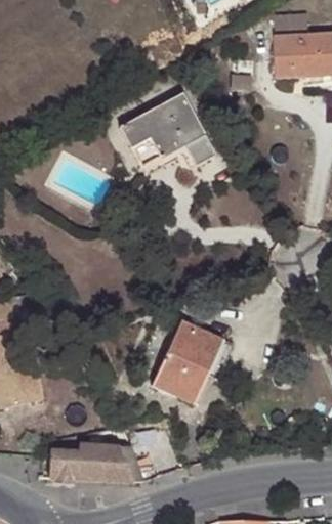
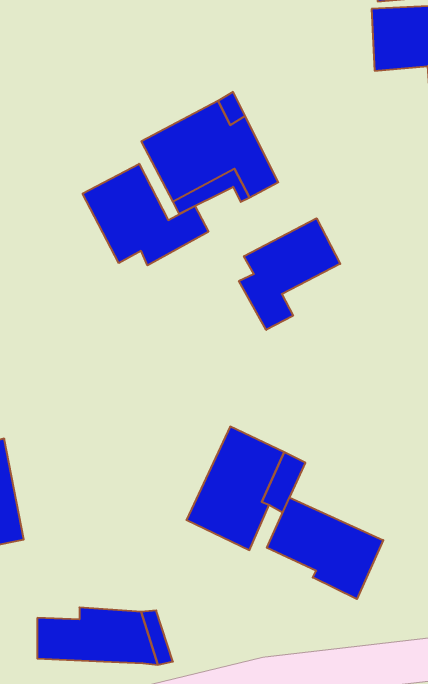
building: none -> [83,164,208,265]
building: none -> [239,218,340,330]
building: none -> [267,497,383,599]

